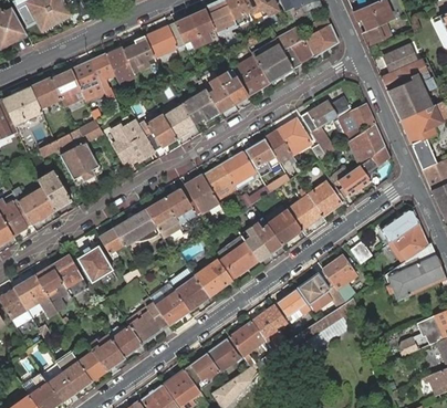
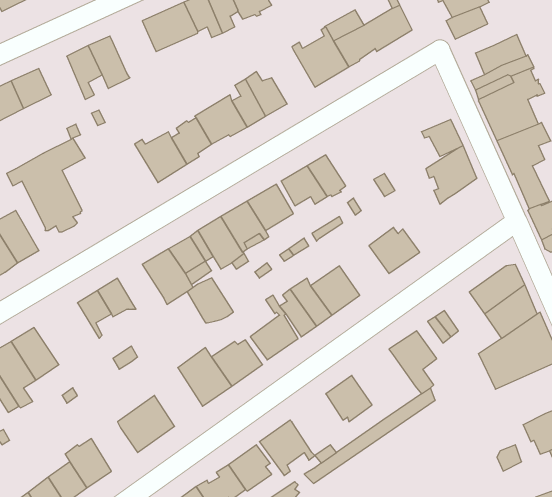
building: [123,34,154,72] -> none
building: [233,55,269,94] -> none
building: [71,60,105,101] -> none
building: [300,97,350,133] -> none
building: [113,117,156,160] -> none
building: [277,119,311,156] -> none
building: [337,147,391,197] -> none
building: [287,189,322,231] -> none
building: [127,209,160,241] -> [187,278,233,323]
building: [79,247,114,282] -> none
building: [298,273,341,303] -> none
building: [149,283,188,325] -> none
building: [252,304,285,344] -> none
building: [108,325,142,357] -> none

